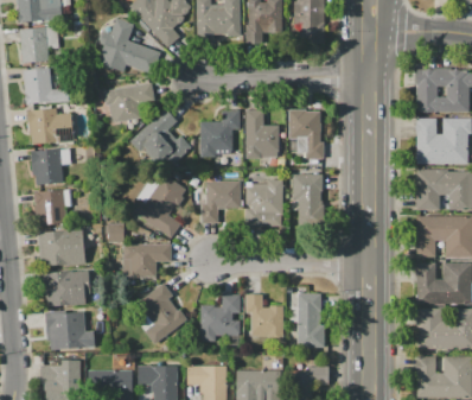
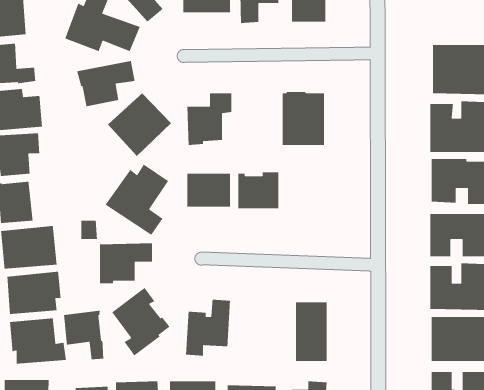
building: [244,109,279,159] -> none
building: [292,174,323,223] -> none
building: [245,294,283,344] -> none
building: none -> [63,310,104,360]

